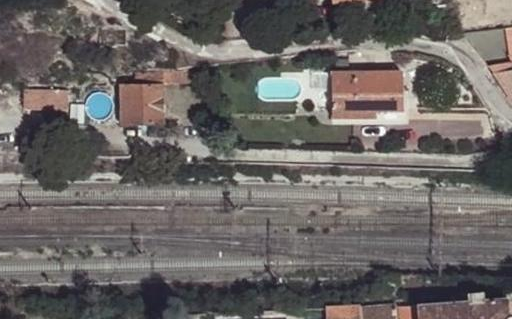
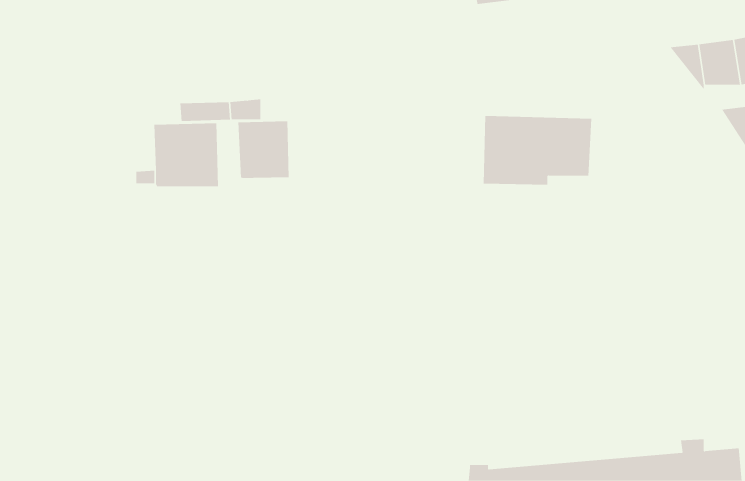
building: none -> [238,121,289,179]
building: [25,91,67,111] -> none

